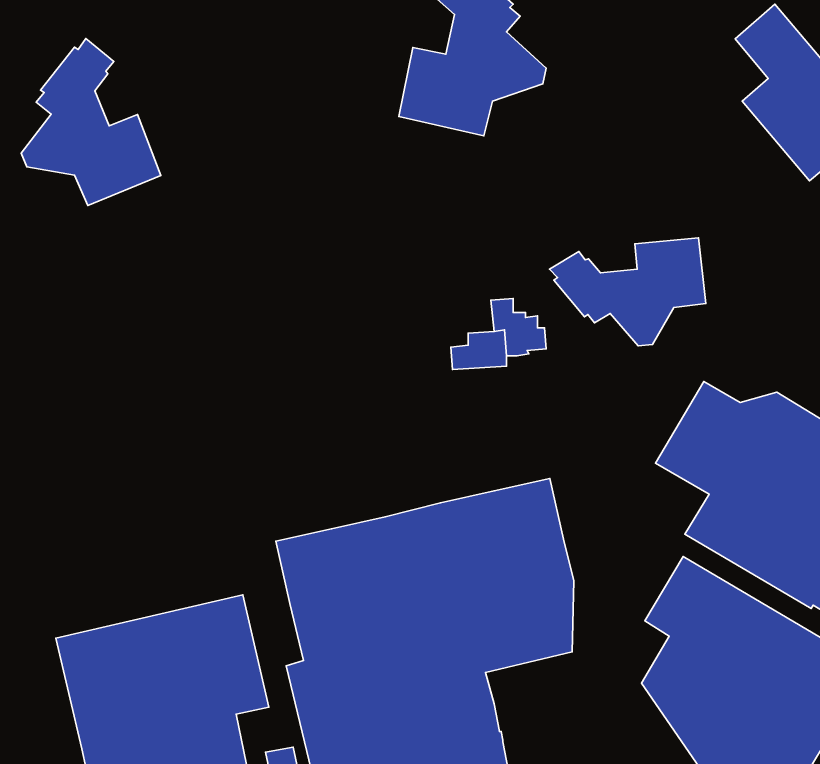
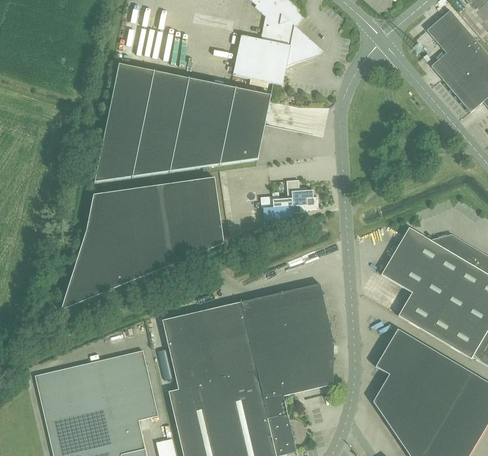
building: [21,39,161,206] -> none
building: none -> [95,64,271,182]
building: [549,238,706,346] -> none
building: none -> [61,178,224,311]

